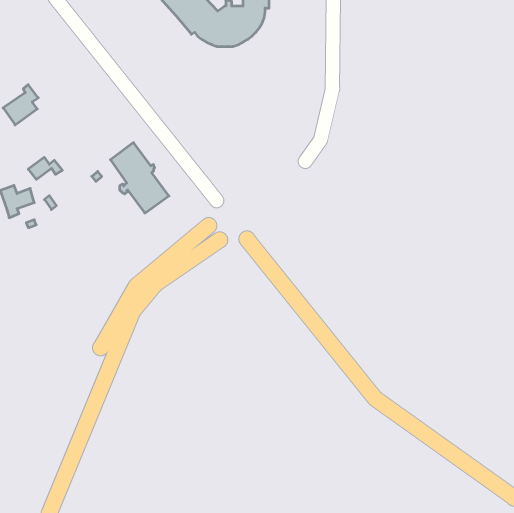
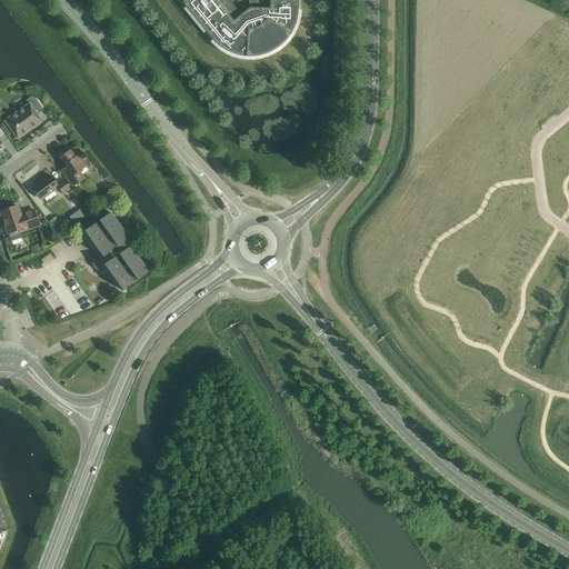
building: none -> [59,147,84,184]
building: [110,143,169,213] -> [83,211,148,289]

